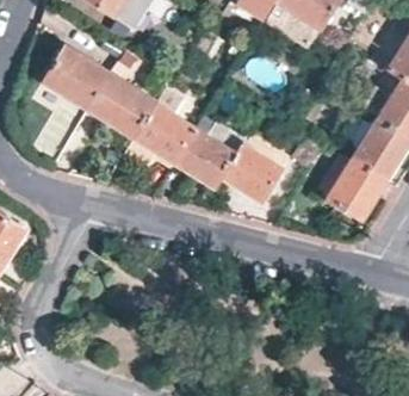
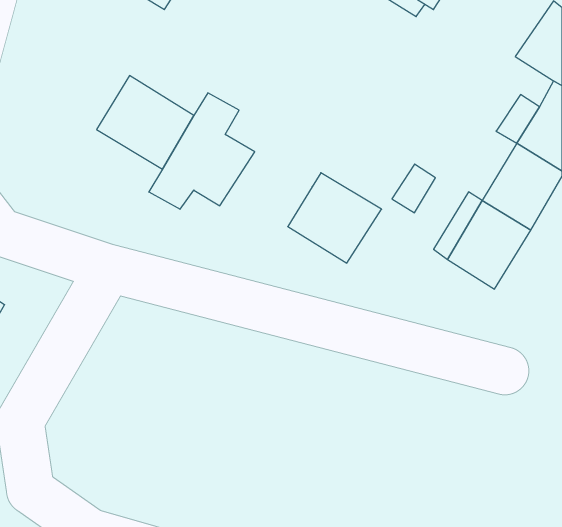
building: [41,45,111,111] -> none
building: [173,126,236,188] -> none

